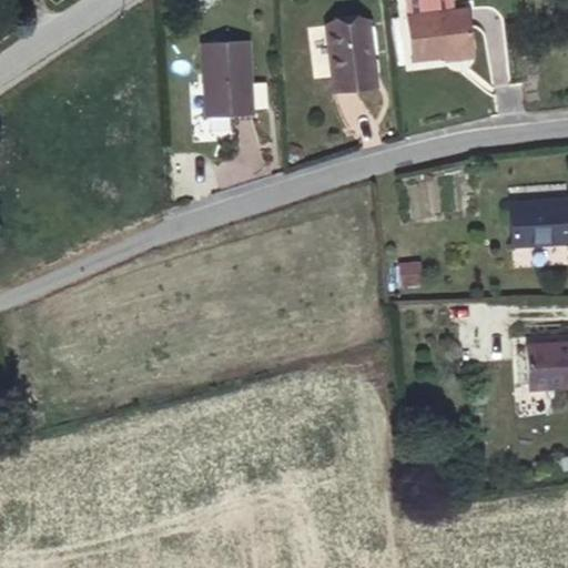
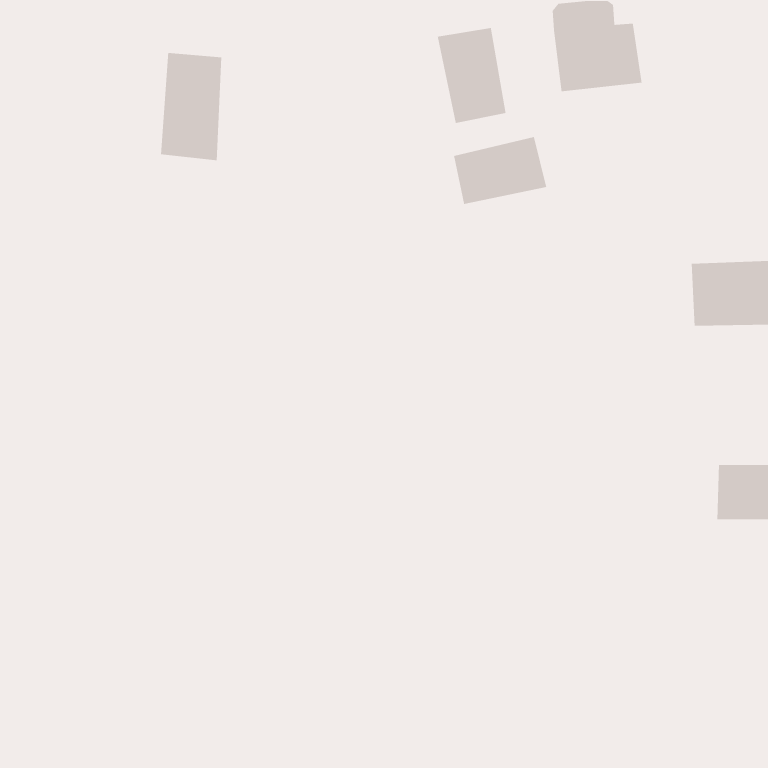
building: [207,39,253,119] -> [160,52,222,161]
building: none -> [453,136,547,205]

